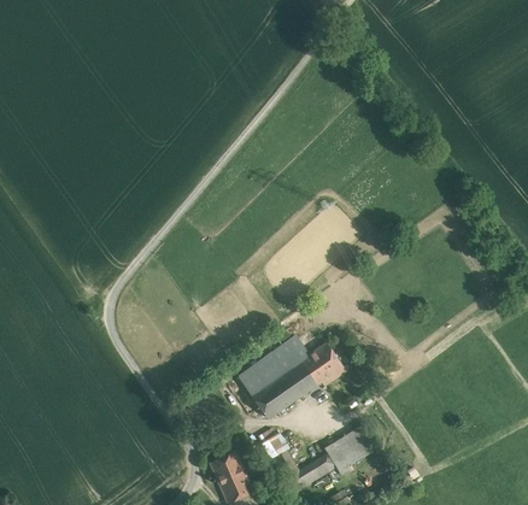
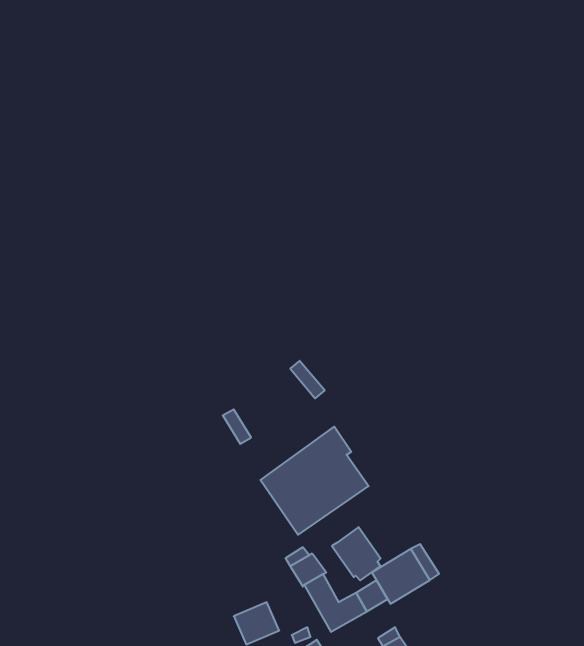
building: [304,342,341,383] -> [332,527,381,580]
building: [209,452,242,481] -> none

